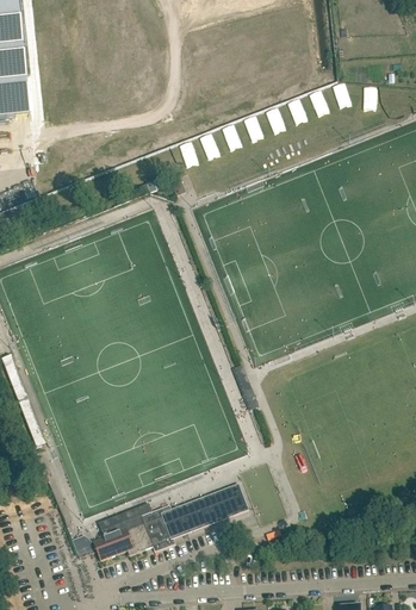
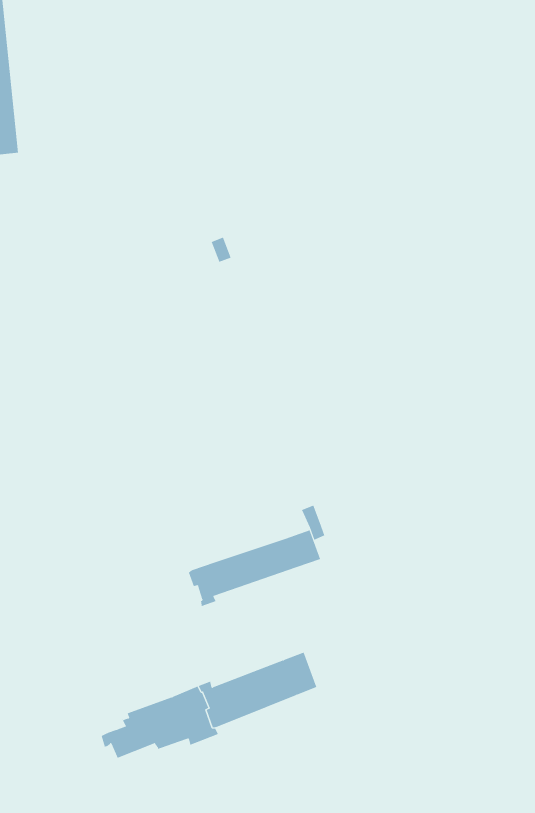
building: none -> [188,530,321,607]

